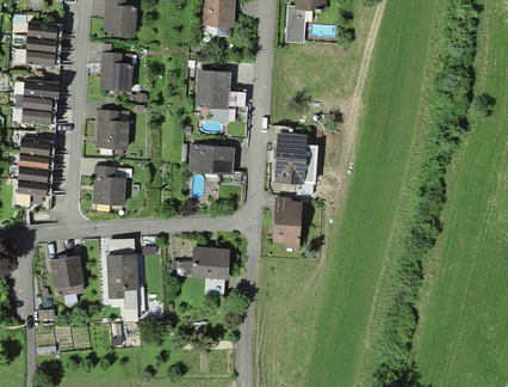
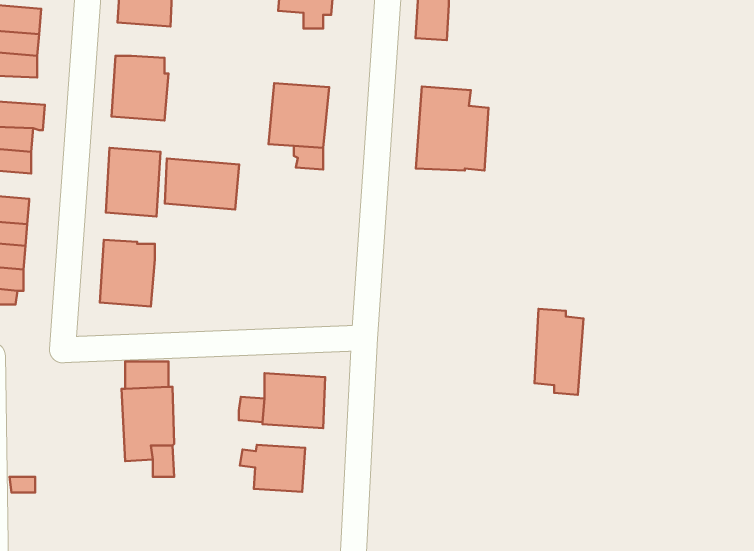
building: [274,133,318,184] -> [416,86,489,171]
building: [190,145,235,176] -> [165,159,239,210]
building: [273,196,303,248] -> [535,309,584,395]
building: [50,254,85,296] -> none
building: none -> [240,445,305,492]

